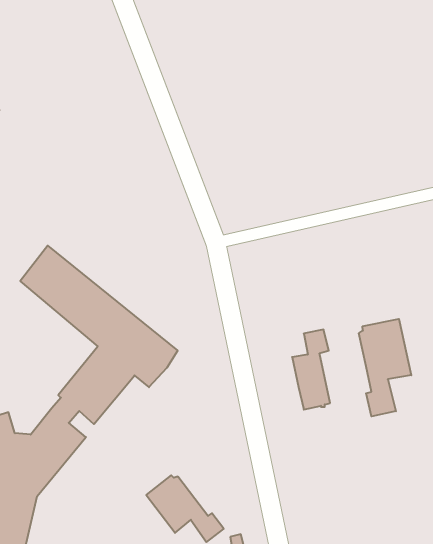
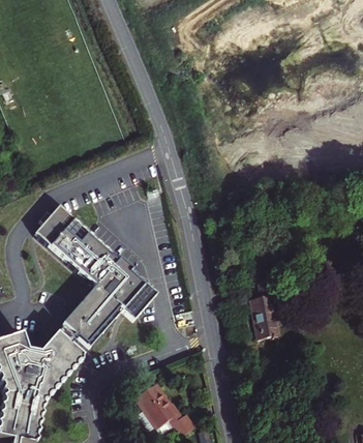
building: [359,319,411,416] -> none

